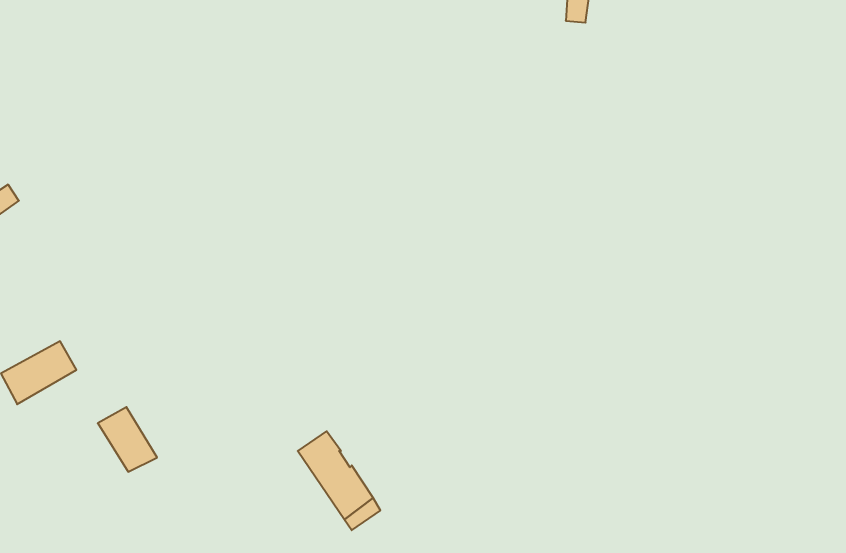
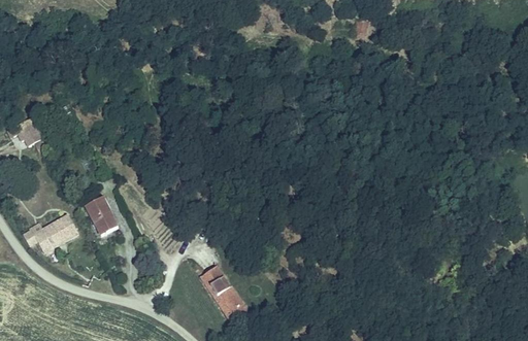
building: [98,407,157,472] -> [82,194,117,231]

